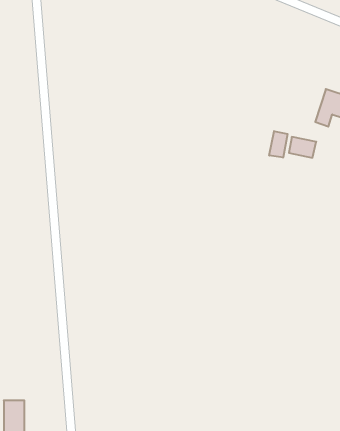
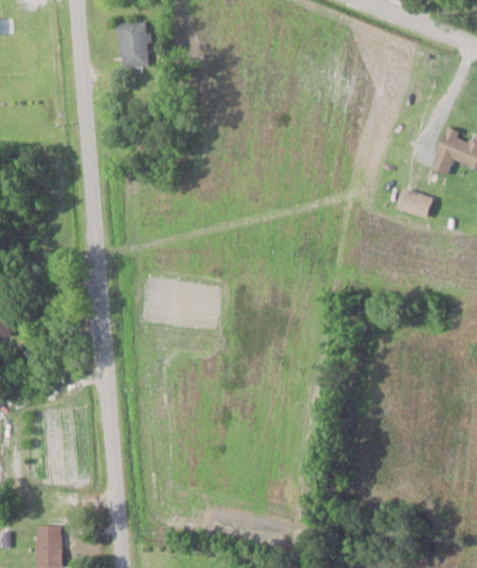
building: none -> [118,21,151,72]
building: [269,131,288,158] -> none

